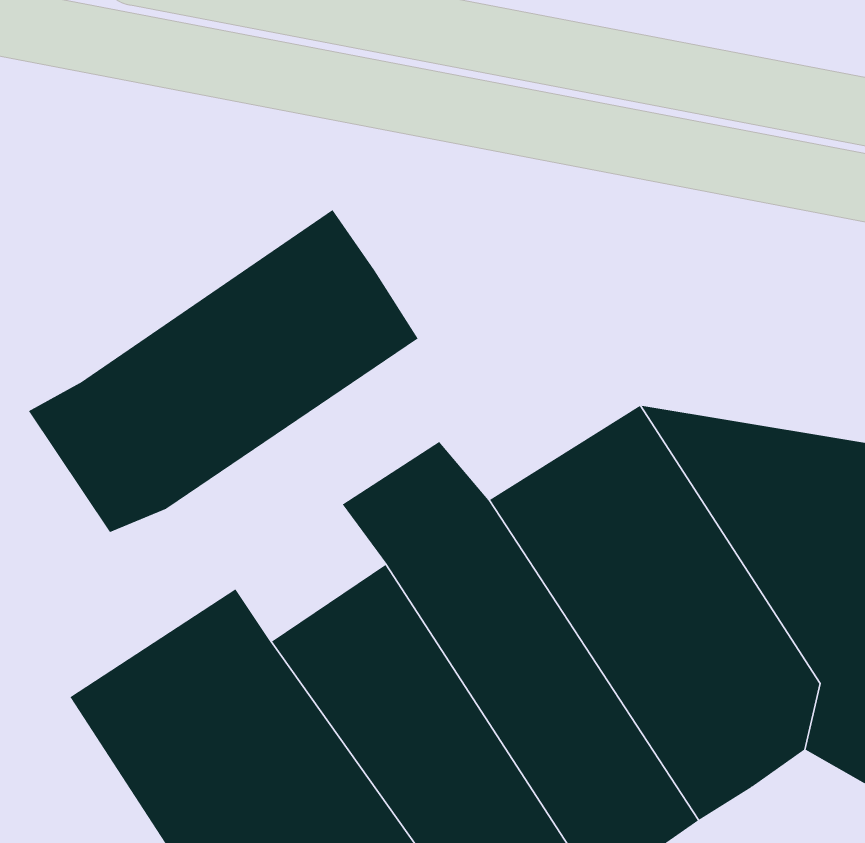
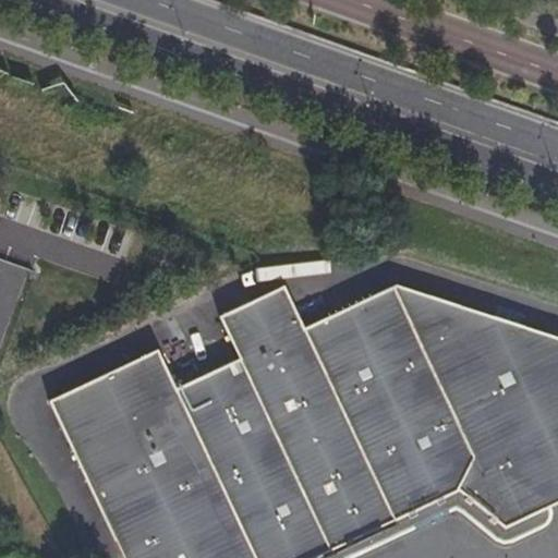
building: [28,209,419,533] -> none

